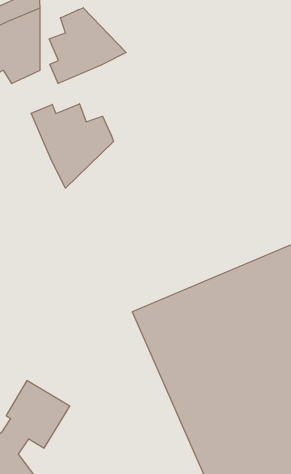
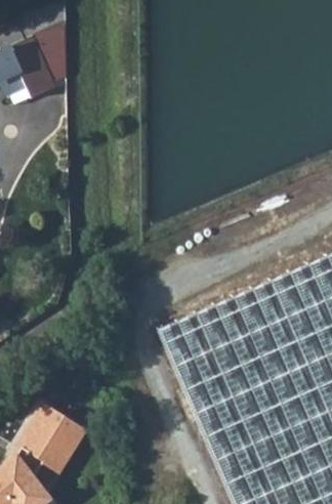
building: [49,8,126,84] -> none
building: [31,104,114,188] -> none

